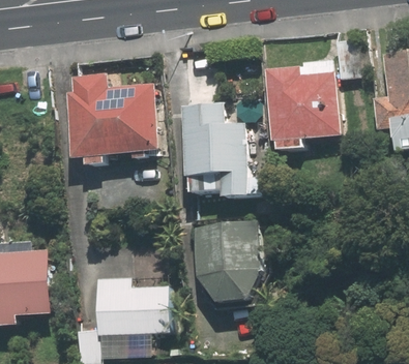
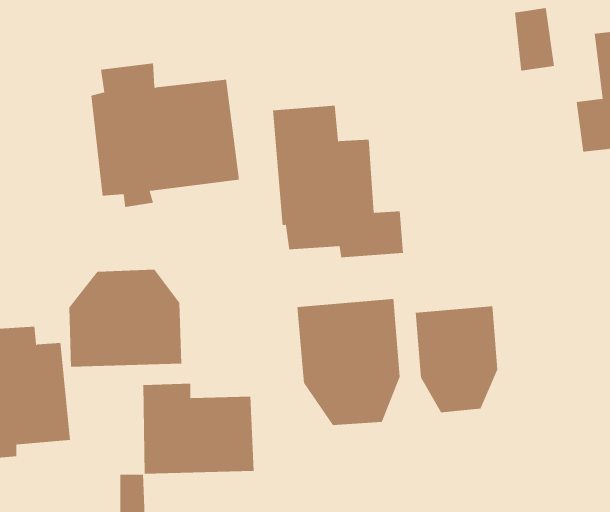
building: [265,60,339,149] -> none
building: none -> [69,269,182,367]
building: none -> [415,306,498,413]

